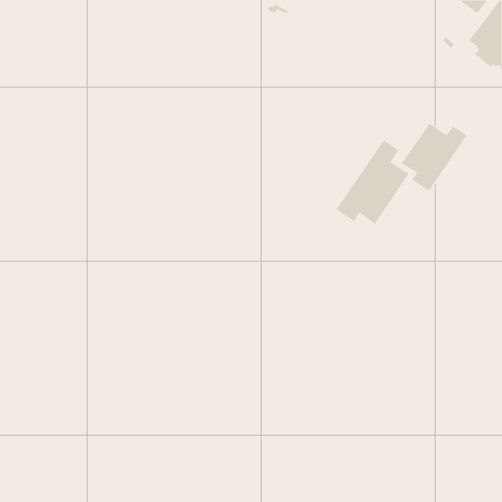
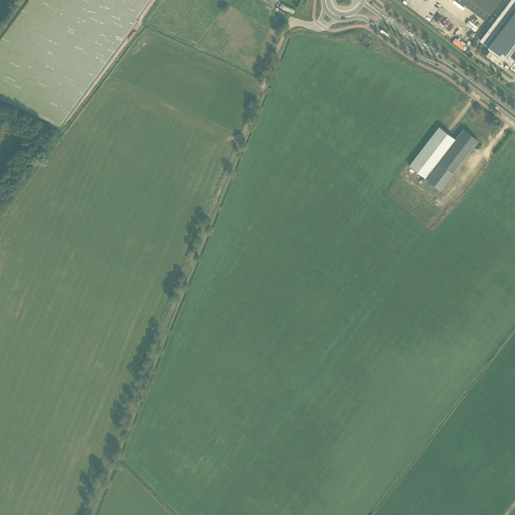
building: [336,139,409,225] -> none

